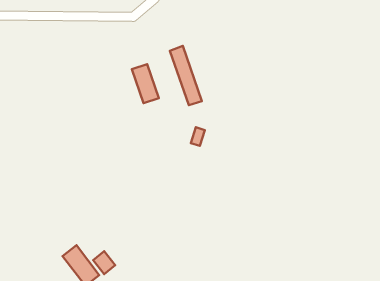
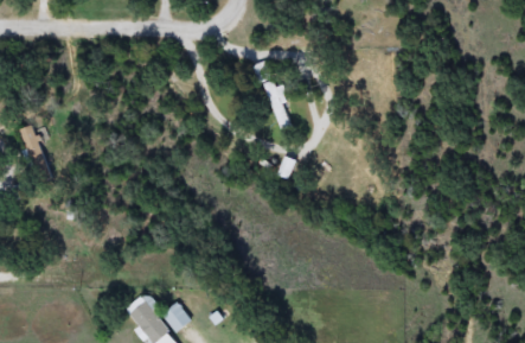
building: [132,64,159,103] -> none

